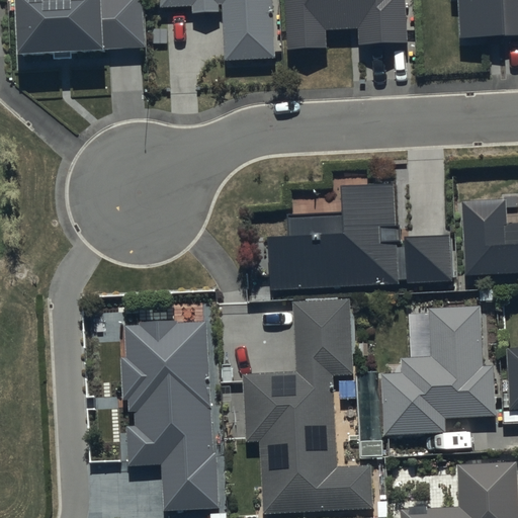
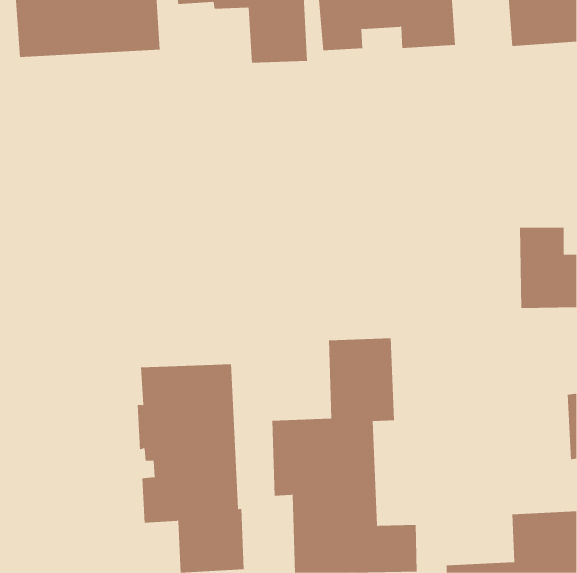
building: [267,179,451,286] -> none
building: [381,310,496,438] -> none

